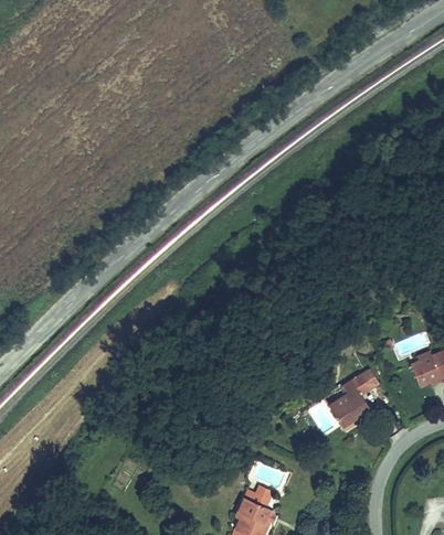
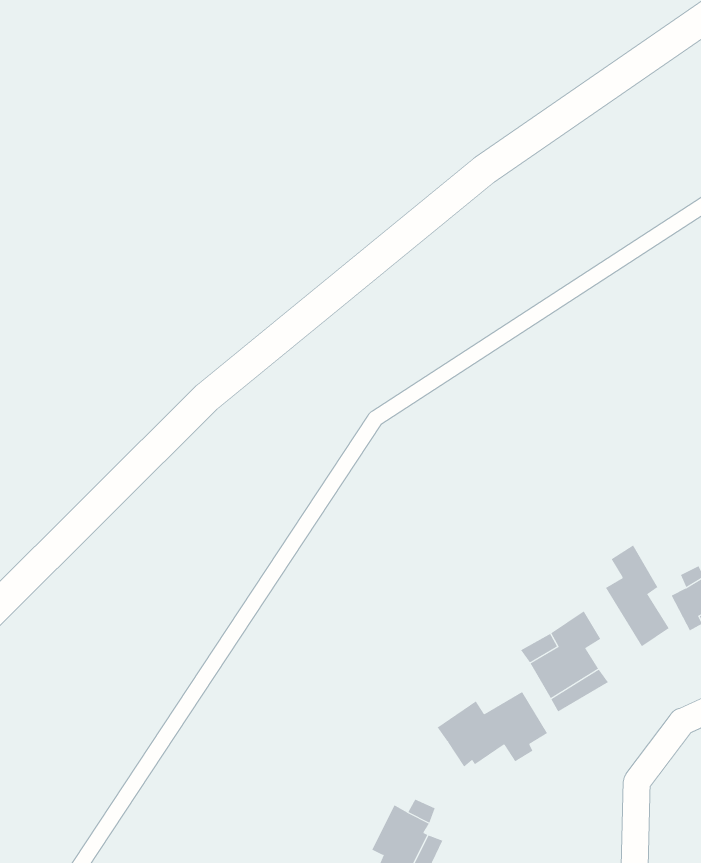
building: none -> [605,545,669,647]
building: none -> [437,691,548,767]

